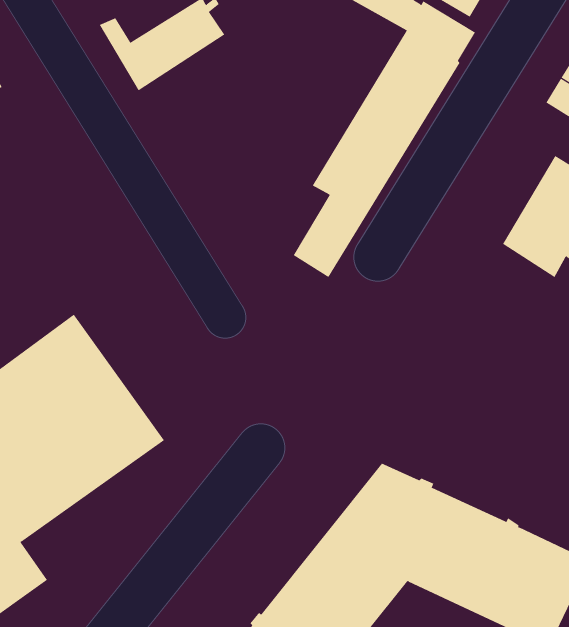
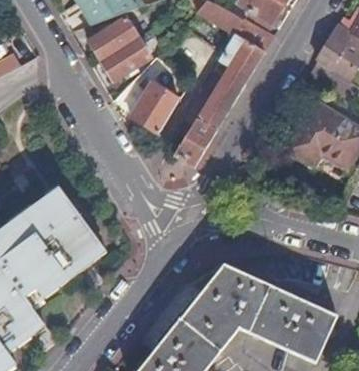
building: none -> [93,36,154,100]
building: none -> [125,75,172,125]

